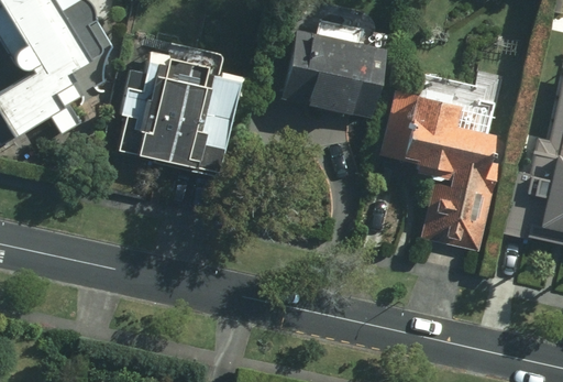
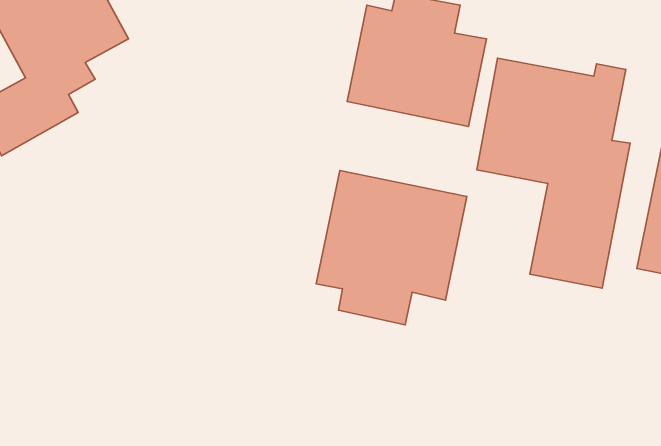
building: [119,41,244,168] -> none
building: none -> [316,171,467,325]

